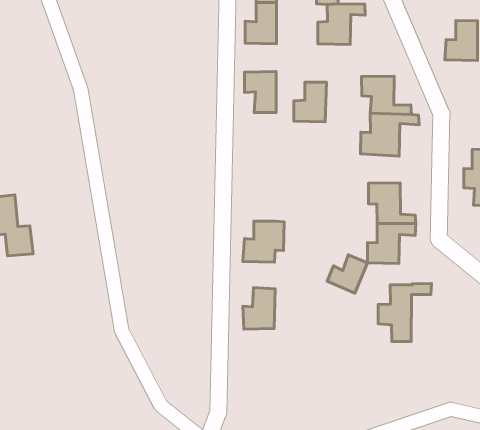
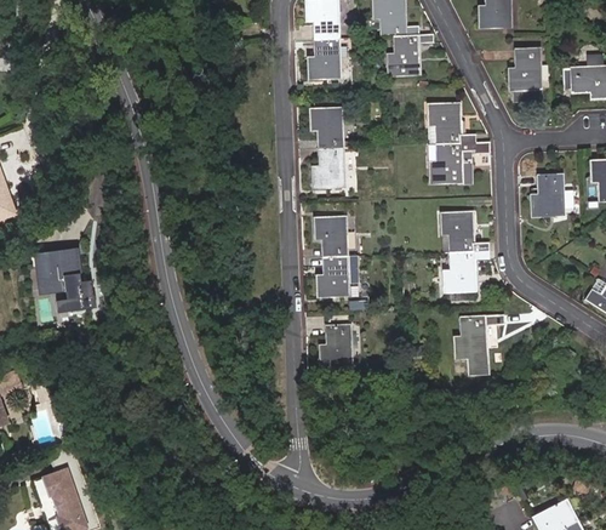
building: [294,82,326,122] -> [310,149,343,190]
building: none -> [314,218,348,260]
building: [327,255,367,293] -> none

